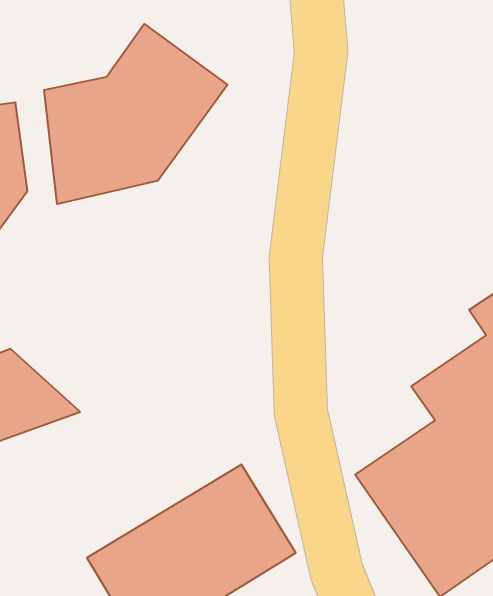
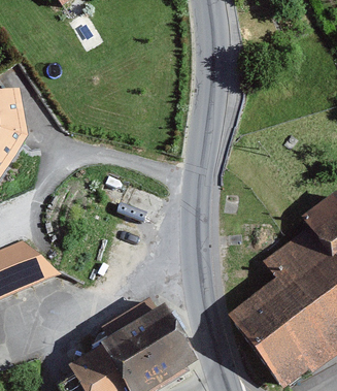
building: [44,24,227,204] -> none

